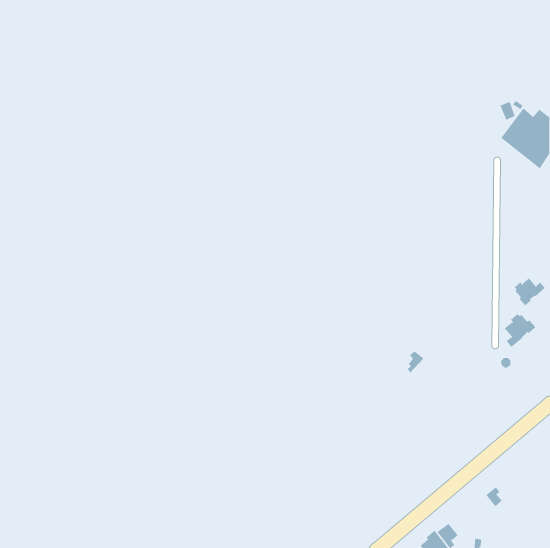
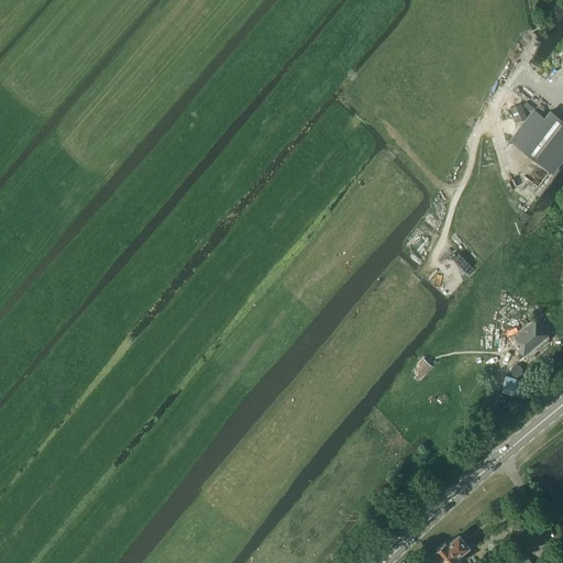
building: [514,277,546,306] -> none

